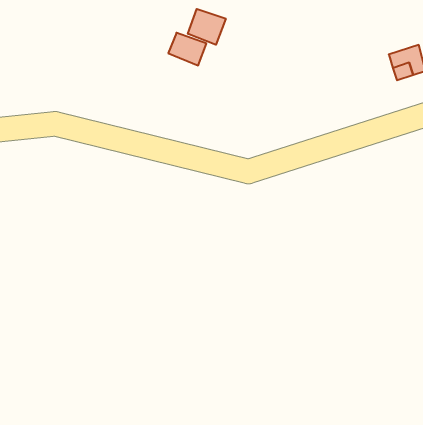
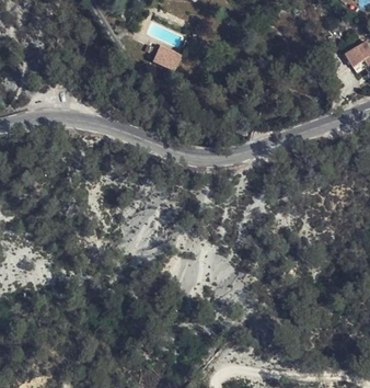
building: [188,9,226,45] -> none

